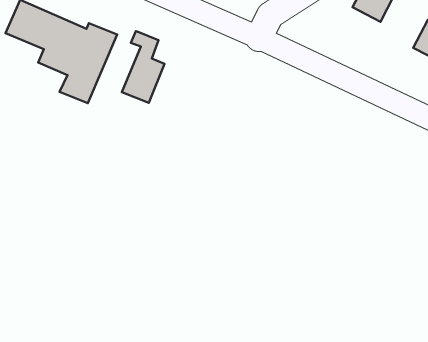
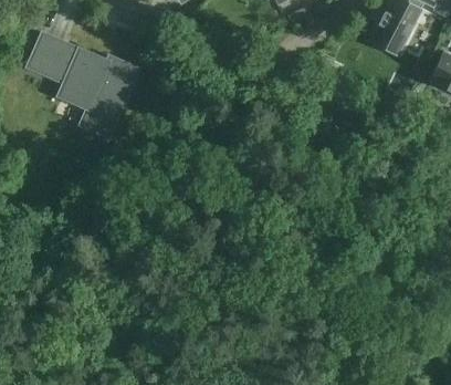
building: [122,31,164,103] -> none

